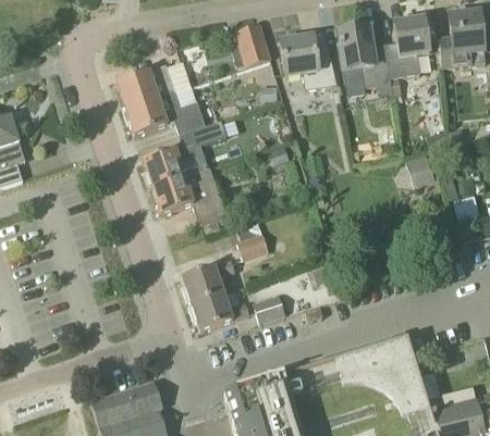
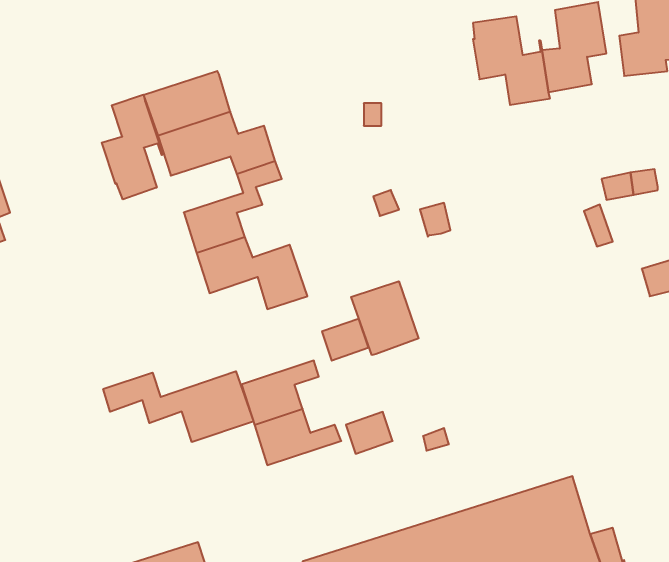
building: [234,24,270,67] -> none
building: [281,34,338,90] -> none
building: none -> [102,95,163,199]
building: none -> [351,281,419,355]
building: none -> [103,371,253,442]

